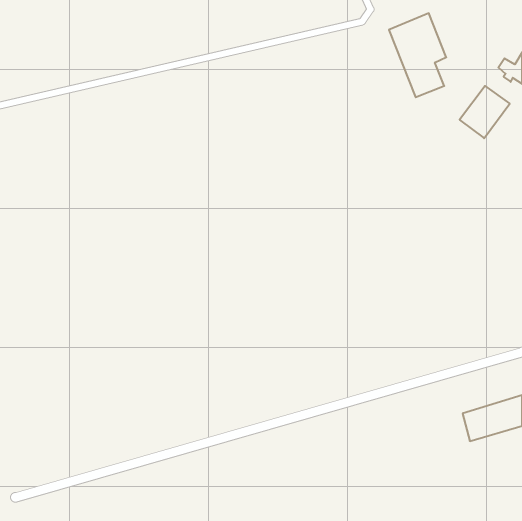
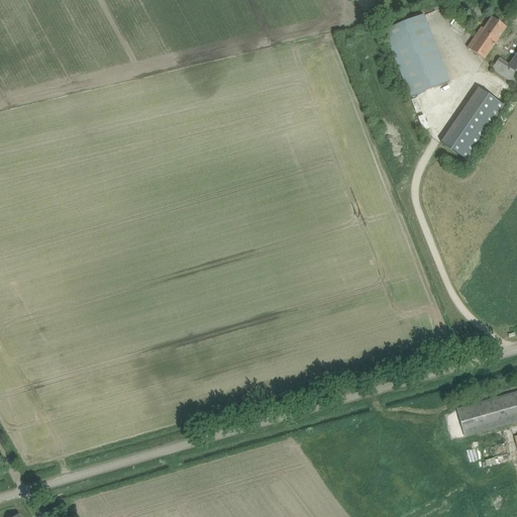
building: none -> [468,15,505,57]
building: none -> [439,118,478,157]

